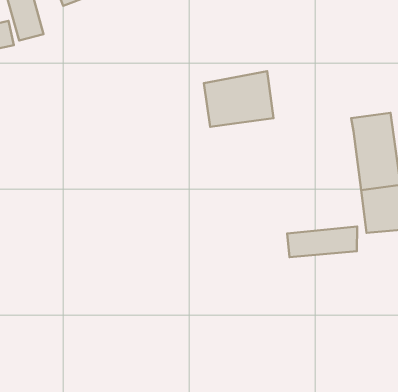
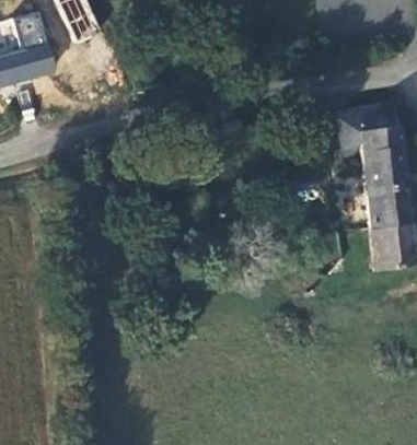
building: [204,71,274,127] -> [331,101,401,156]
building: [287,227,357,257] -> none

